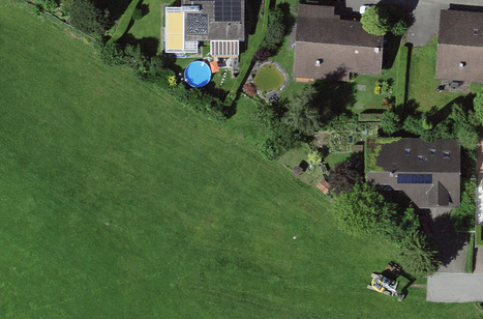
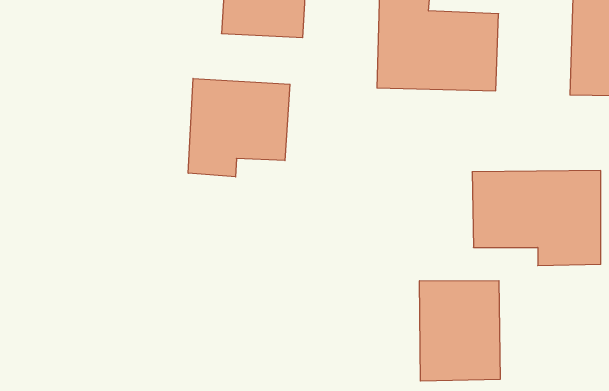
building: none -> [188,78,290,177]
building: none -> [420,281,500,381]

